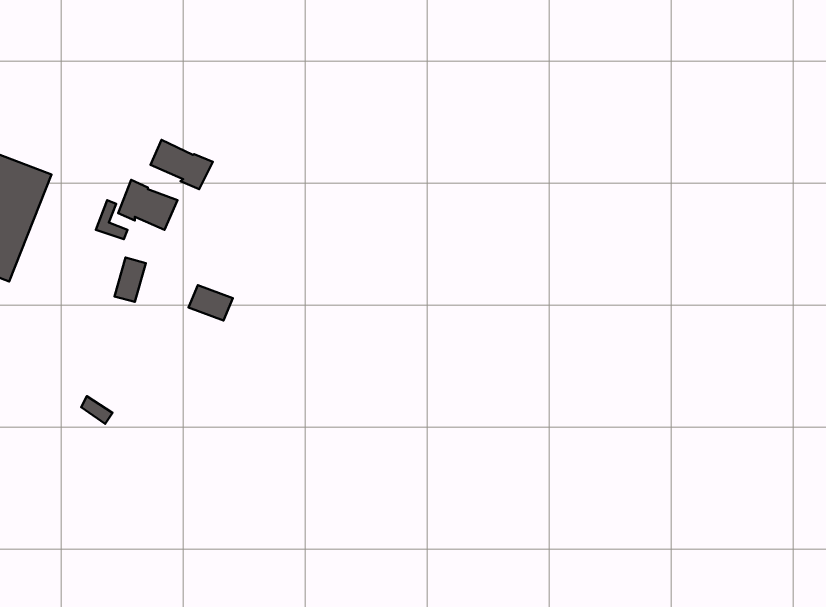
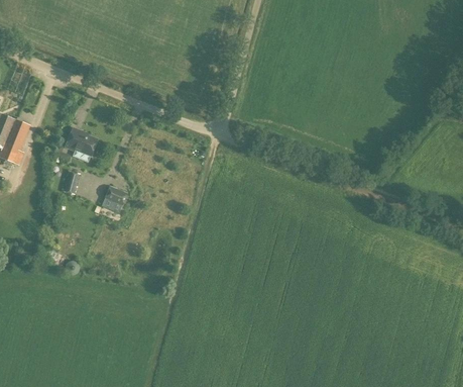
building: [151,140,213,189] -> none

